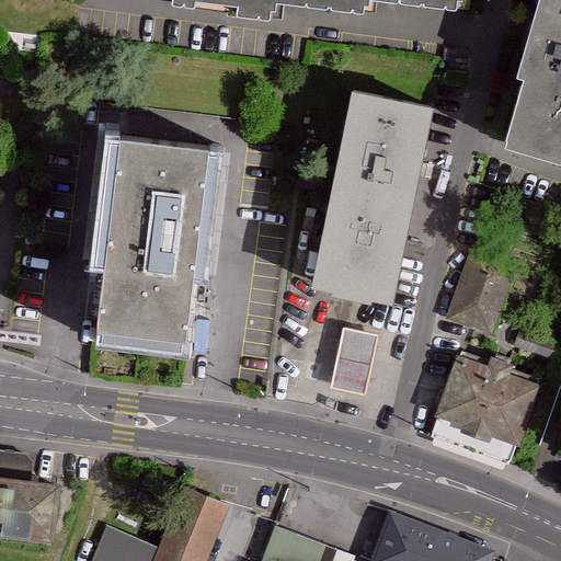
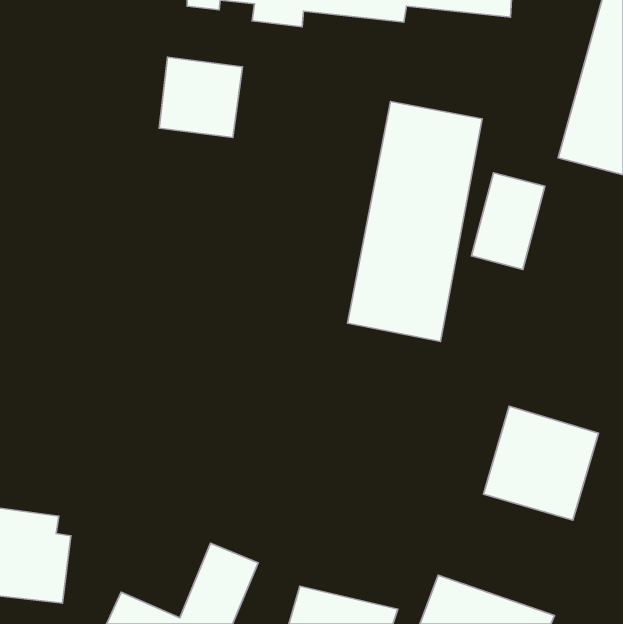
building: none -> [159,57,242,137]
building: [88,139,210,345] -> none
building: [453,247,518,333] -> [471,173,545,269]
building: [324,321,377,390] -> none

